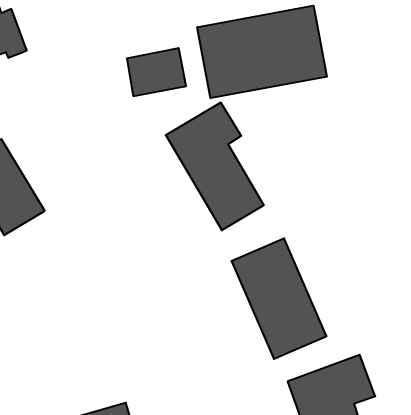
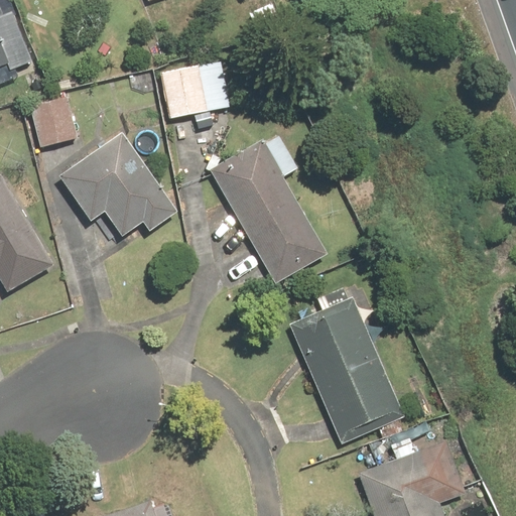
building: [197,6,327,98] -> none
building: none -> [28,96,78,149]
building: none -> [57,130,179,237]

